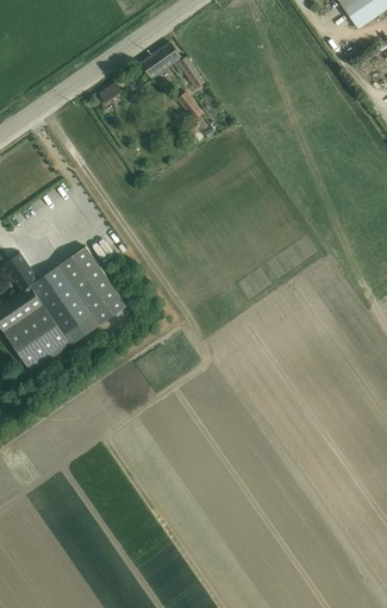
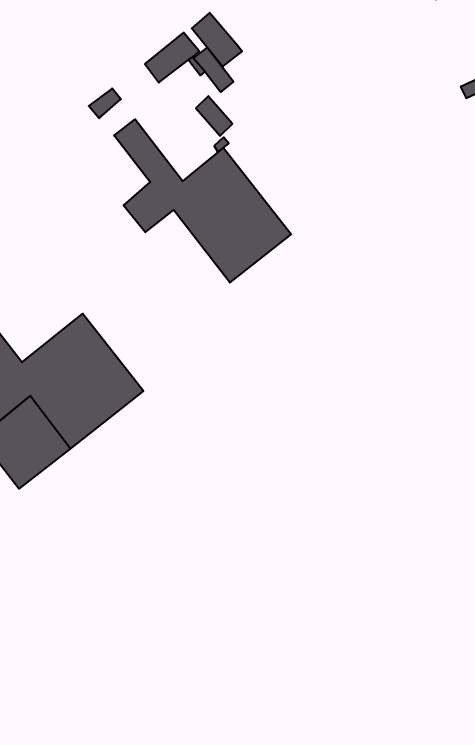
building: none -> [192,13,242,66]
building: none -> [114,119,291,283]

